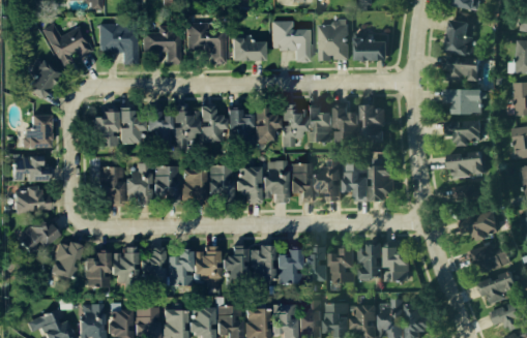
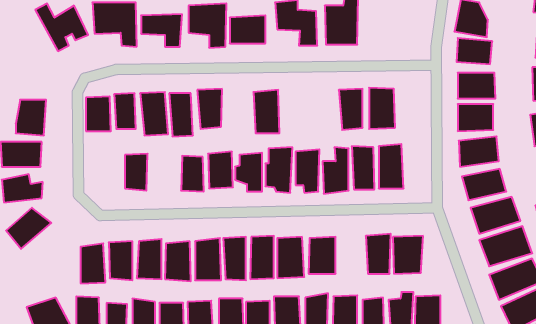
building: [354,35,387,60] -> none
building: [22,58,59,98] -> none
building: [279,104,301,147] -> none
building: [305,106,331,143] -> none
building: [225,107,250,144] -> none
building: [97,165,122,204] -> none
building: [155,166,177,199] -> none
building: [47,241,86,281] -> none
building: [333,246,358,282] -> none

